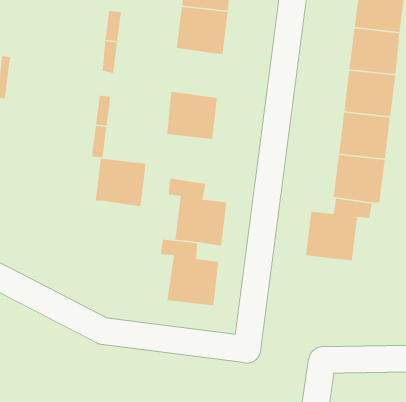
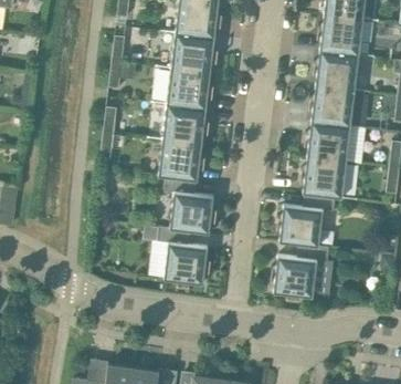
building: none -> [167,68,211,108]
building: [95,158,146,207] -> [159,139,202,180]
building: none -> [274,243,329,297]

